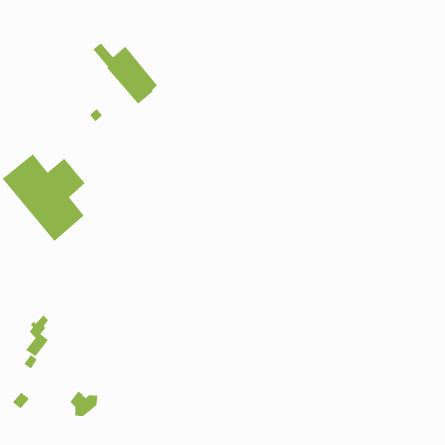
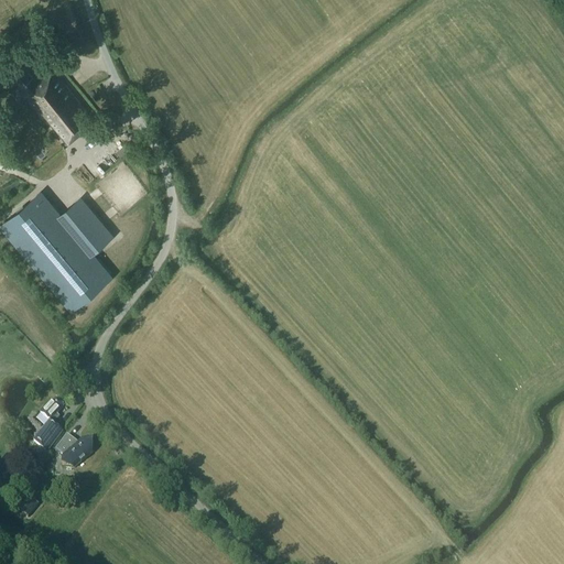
building: [92,42,158,104] -> [9,65,91,143]
building: [69,390,98,417] -> [55,434,91,467]

